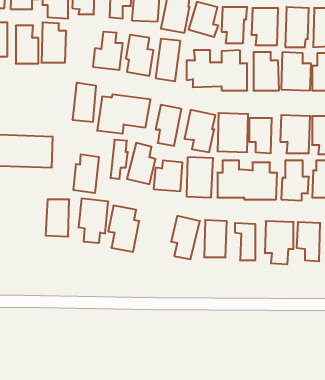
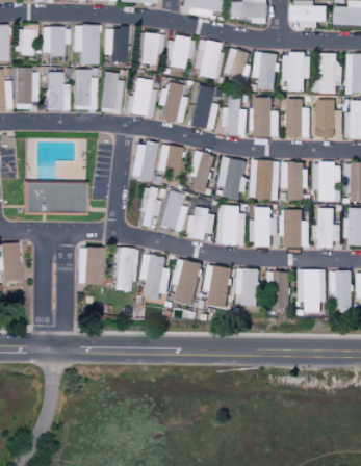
building: [72,83,96,122] -> [100,71,124,110]
building: [73,154,99,193] -> none
building: none -> [173,259,203,306]

